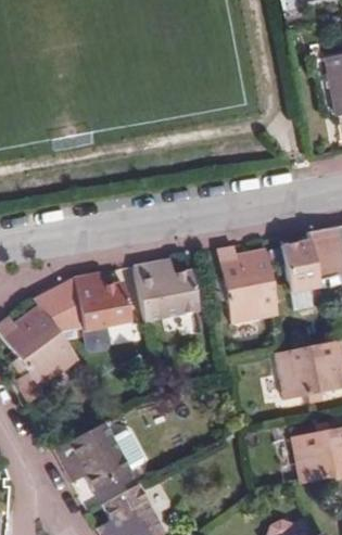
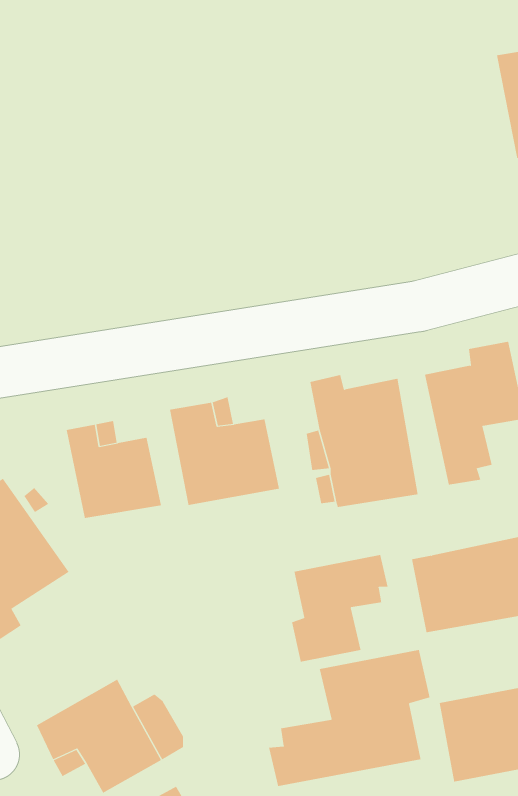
building: none -> [291,554,388,662]
building: none -> [268,649,430,787]

